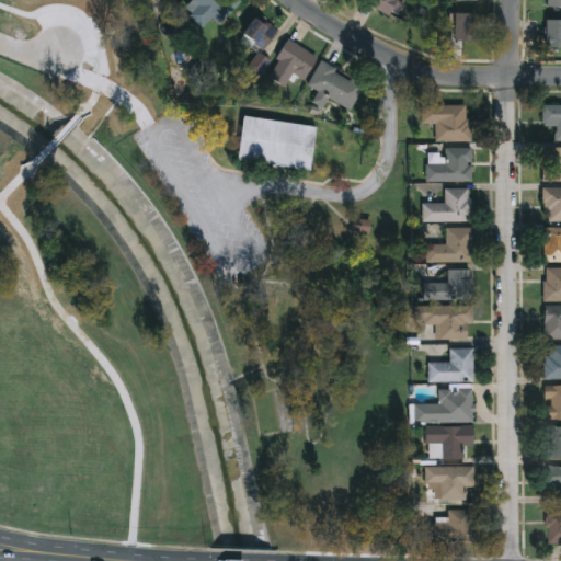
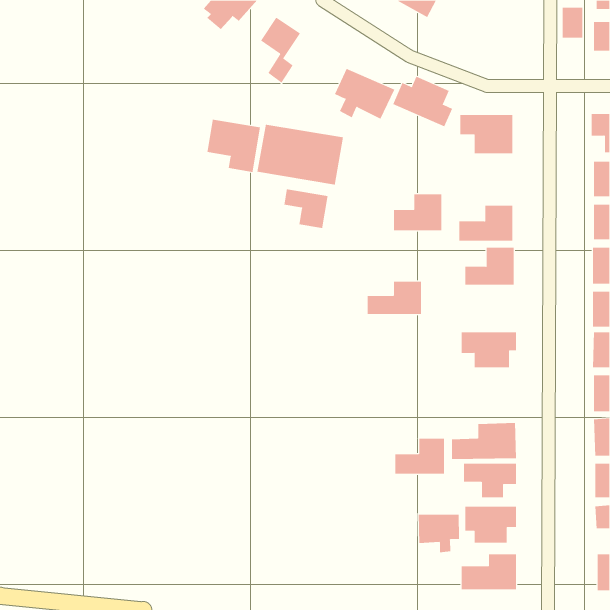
building: [454,13,473,42] -> [562,7,583,38]
building: [266,39,318,87] -> none
building: none -> [392,76,453,127]
building: none -> [207,119,261,173]
building: [426,148,471,182] -> [393,194,442,231]
building: none -> [284,188,328,229]
building: [423,268,473,299] -> [367,281,422,315]
building: [428,347,474,380] -> [395,438,445,474]
building: none -> [418,514,459,553]

